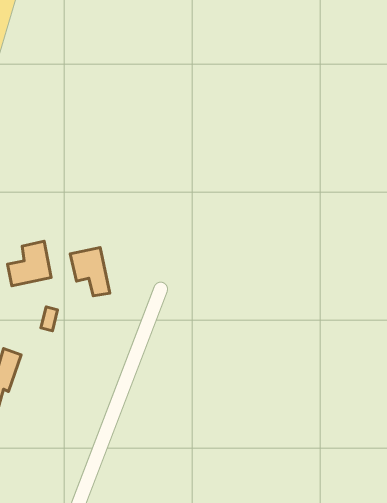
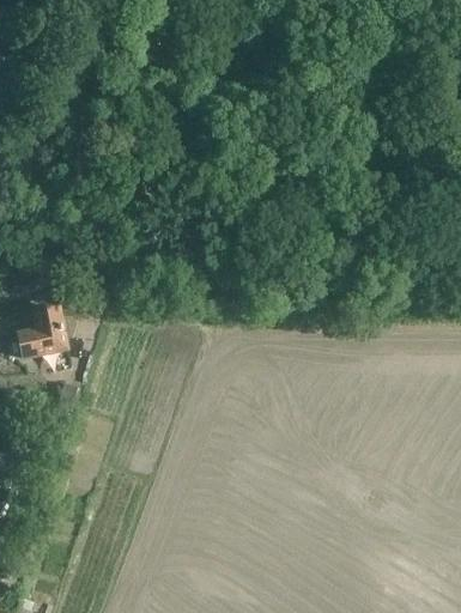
building: [70,248,110,296] -> none

